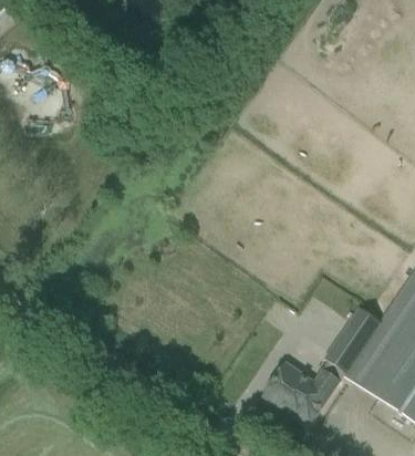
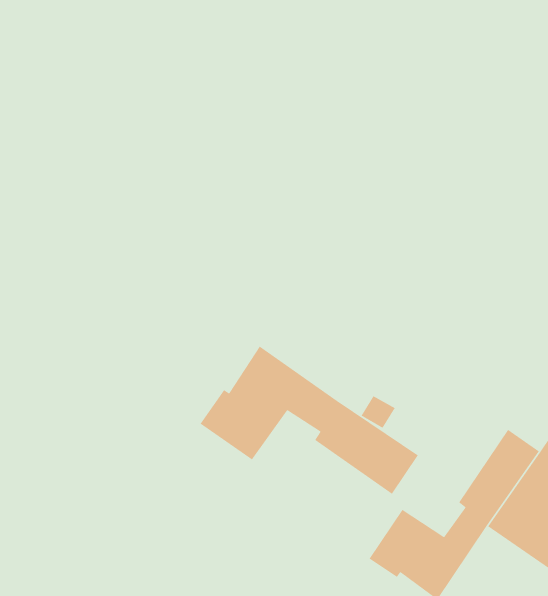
building: none -> [199,345,419,495]

